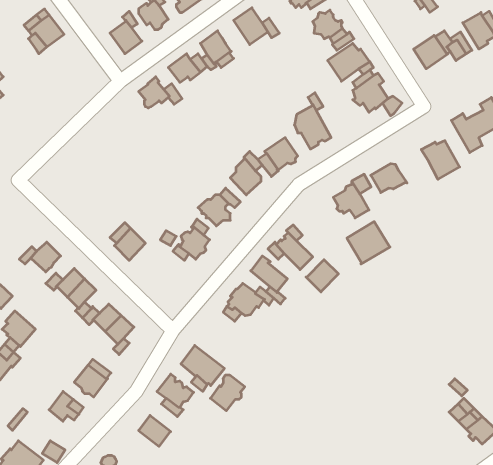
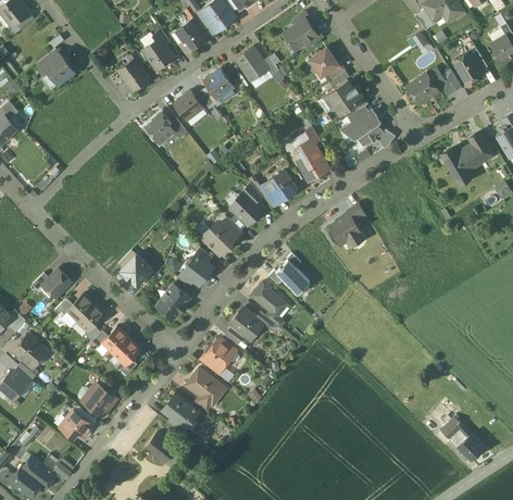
building: [421,141,460,179] -> none
building: [371,164,407,193] -> none
building: [347,222,390,264] -> none
building: none -> [157,284,190,318]
building: [306,260,338,292] -> none
building: [210,375,245,411] -> [202,339,235,373]

